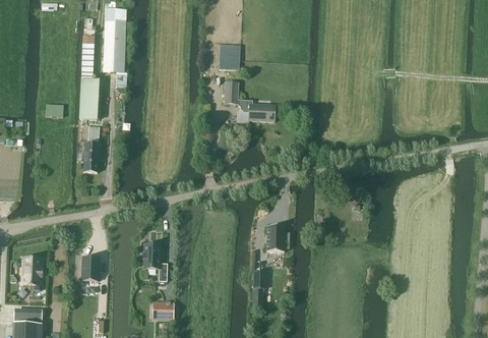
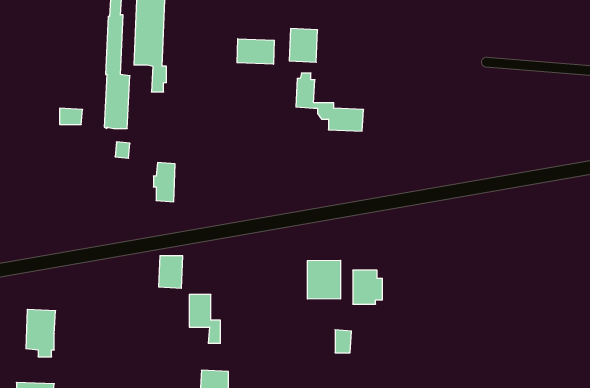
building: none -> [237,39,274,64]
building: [81,143,98,172] -> [153,163,175,202]
building: none -> [307,260,340,299]
building: [80,257,99,281] -> [159,256,183,288]

